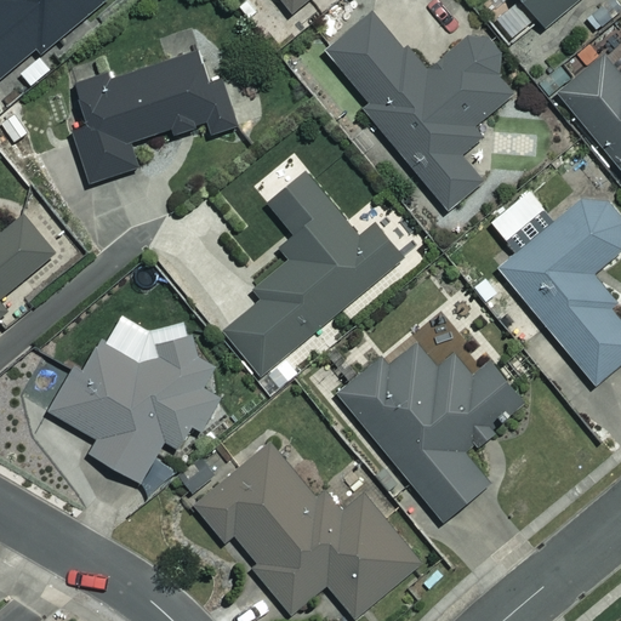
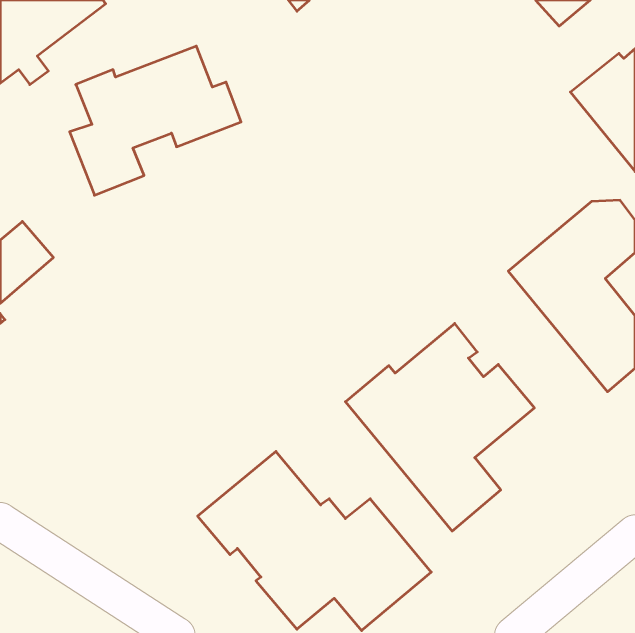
building: [324,11,519,211] -> none
building: [224,173,401,376] -> none
building: [46,319,222,486] -> none

